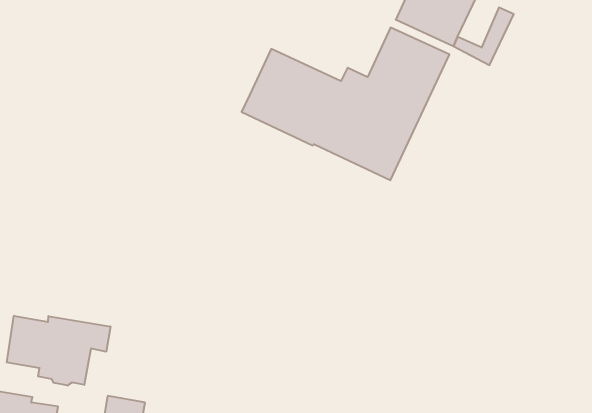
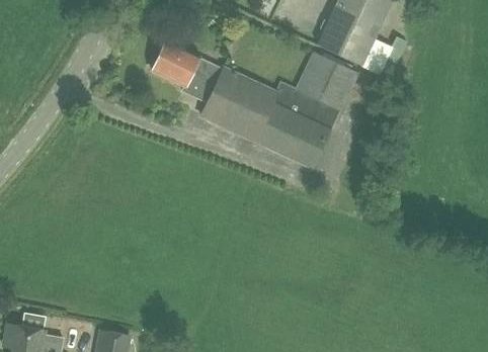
building: none -> [152,41,224,102]
building: [7,316,110,386] -> none

